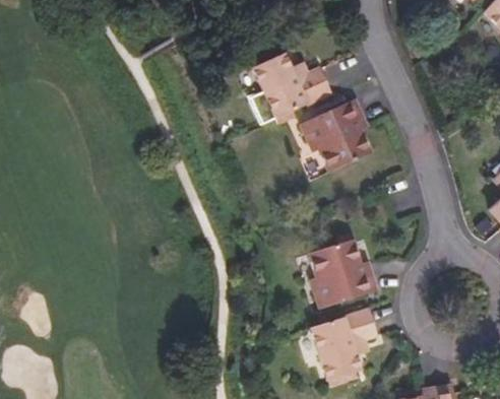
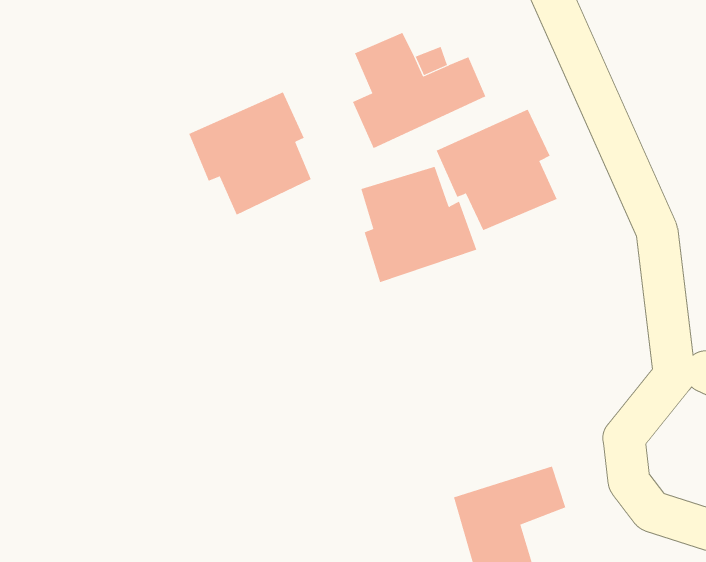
building: none -> [188,91,311,215]
building: [310,240,378,308] -> [360,166,477,283]

